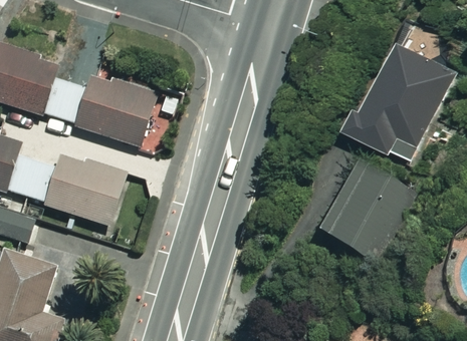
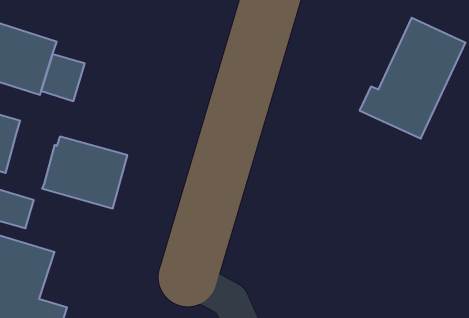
building: [75,73,170,149] -> none
building: [8,152,55,200] -> none
building: [323,165,411,263] -> none

